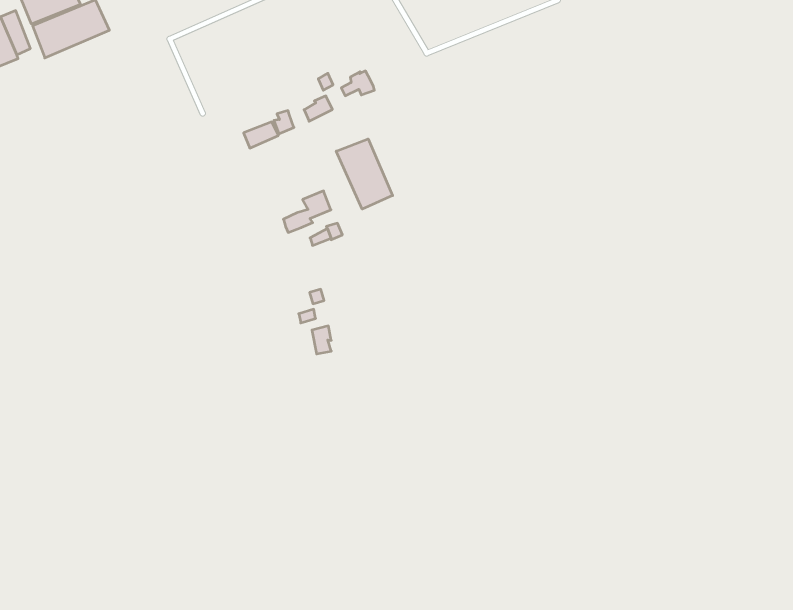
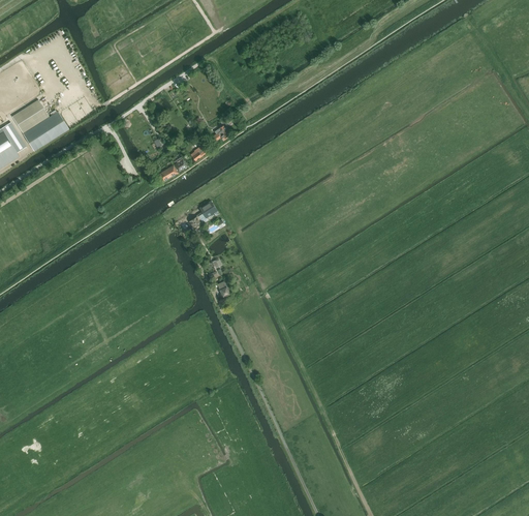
building: [336,139,393,209] -> none

